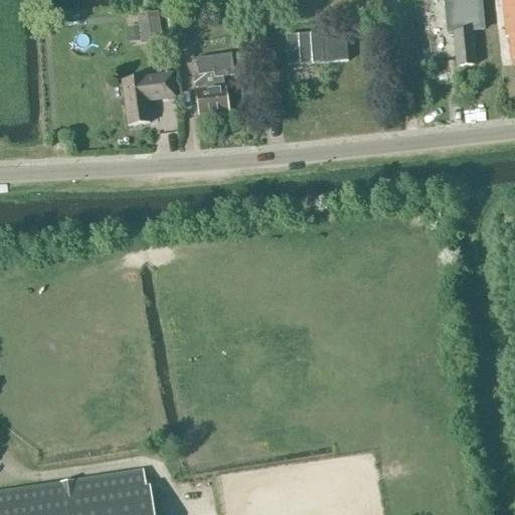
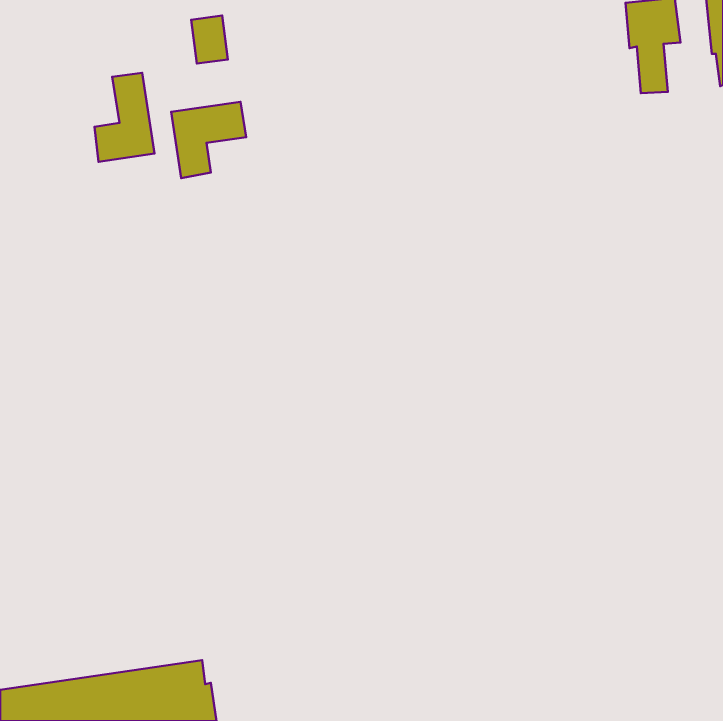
building: [284,26,346,61] -> none
building: none -> [94,73,155,162]
building: [193,54,234,119] -> none

